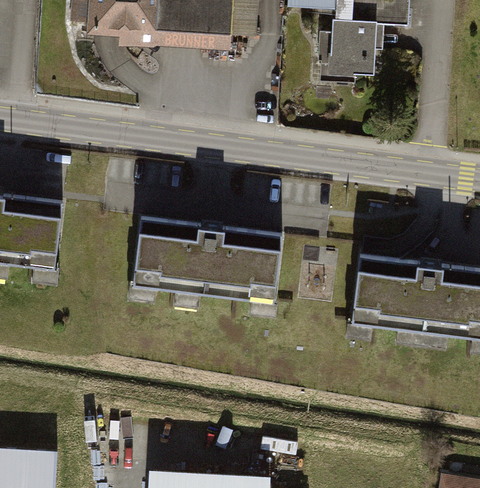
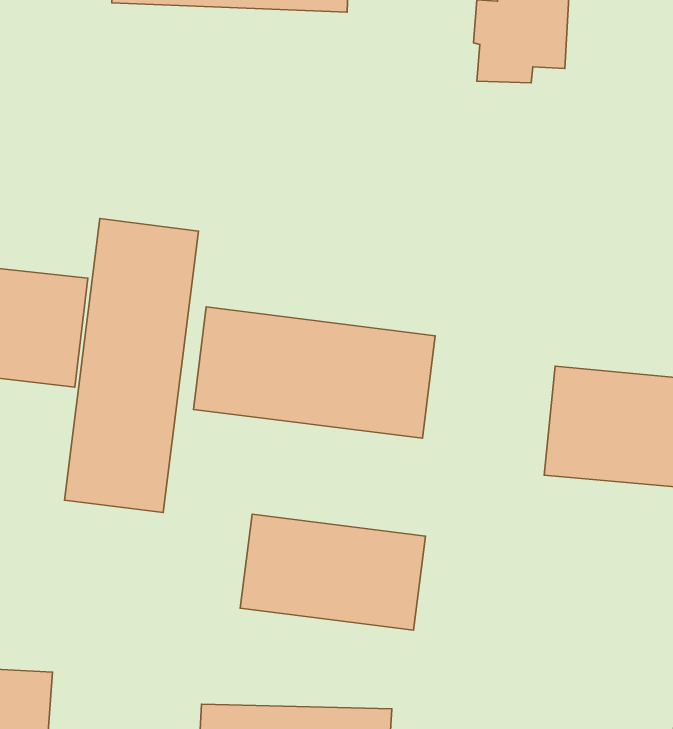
building: none -> [64,219,199,513]
building: none -> [240,514,426,630]

